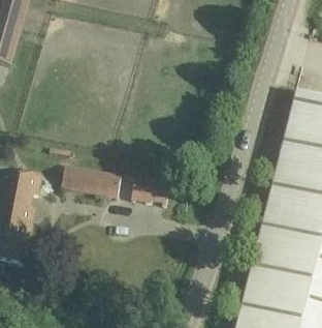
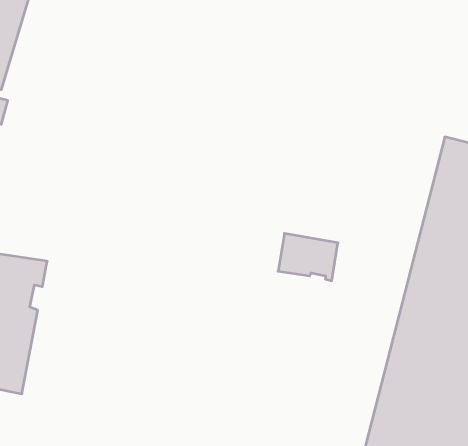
building: [60,166,120,197] -> none
building: [129,173,168,204] -> [278,233,338,281]

